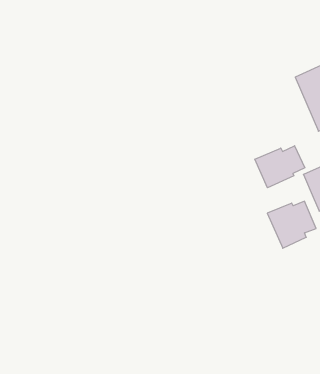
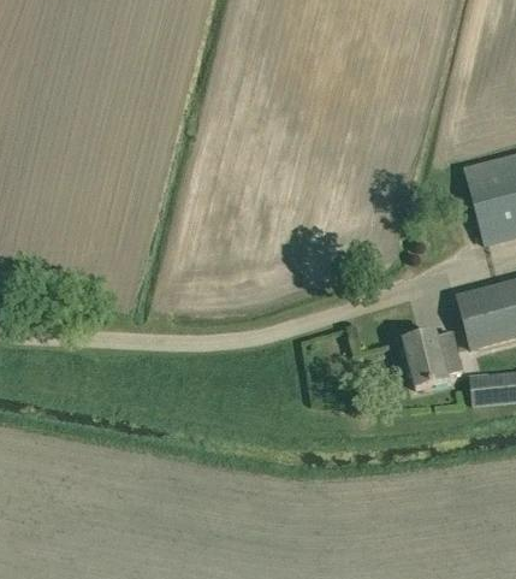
building: [255,146,305,188] -> none

